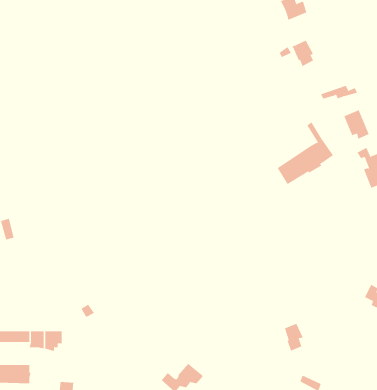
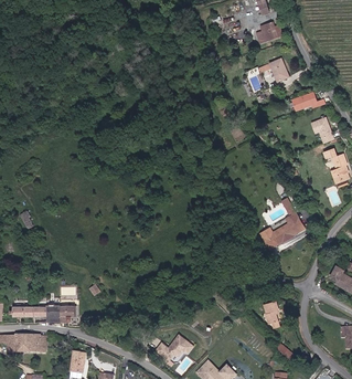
building: [277,122,334,185] -> [259,200,308,254]

